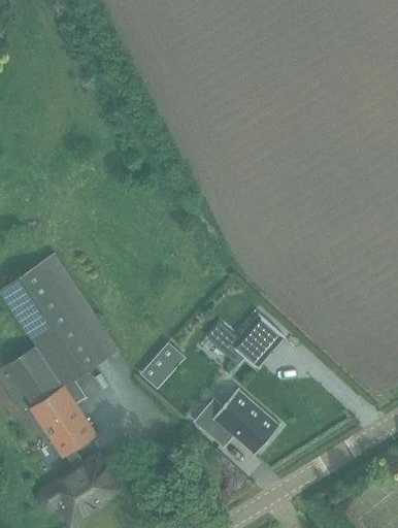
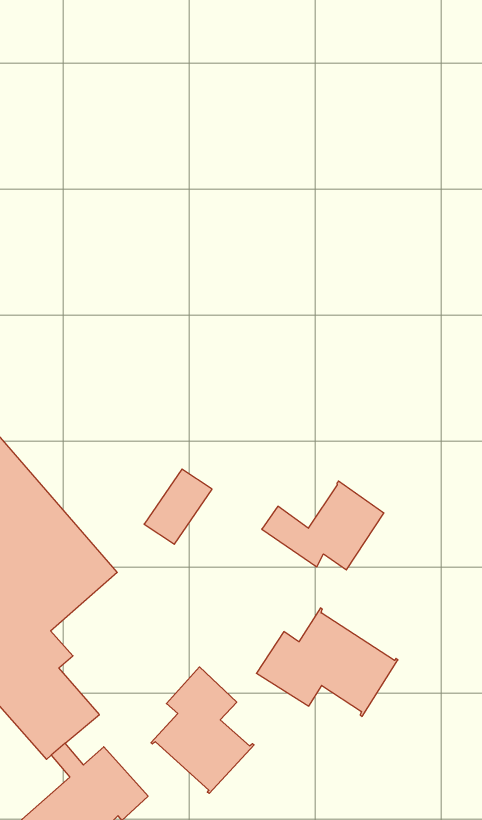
building: [139,342,183,387] -> [144,469,212,544]
building: none -> [151,667,254,793]

